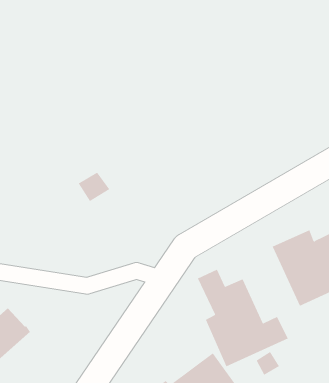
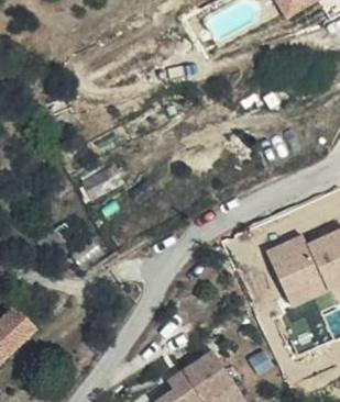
building: [197,269,288,367] -> none

